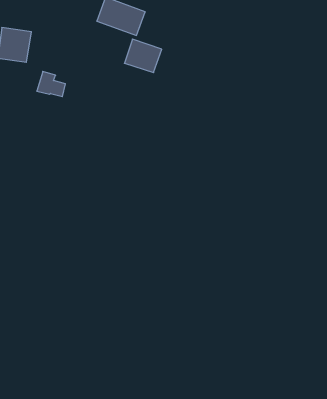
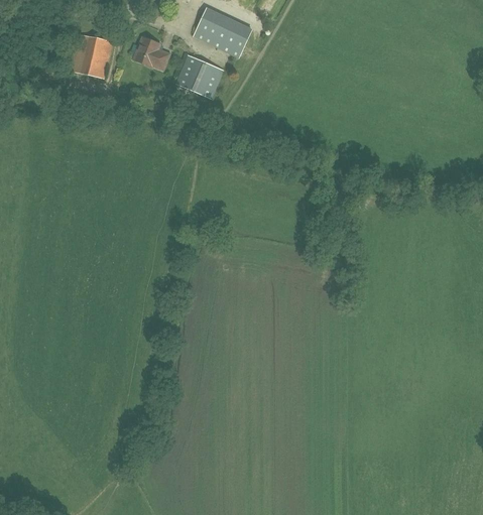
building: [124,39,162,73] -> [176,54,223,97]
building: [37,71,65,97] -> [134,36,169,69]

